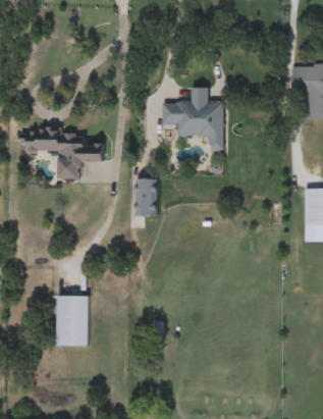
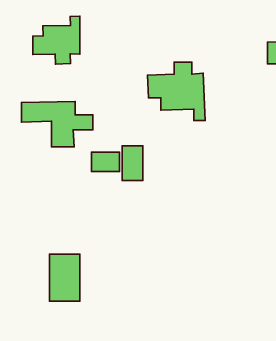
building: none -> [33,16,80,64]
building: none -> [91,152,119,171]

